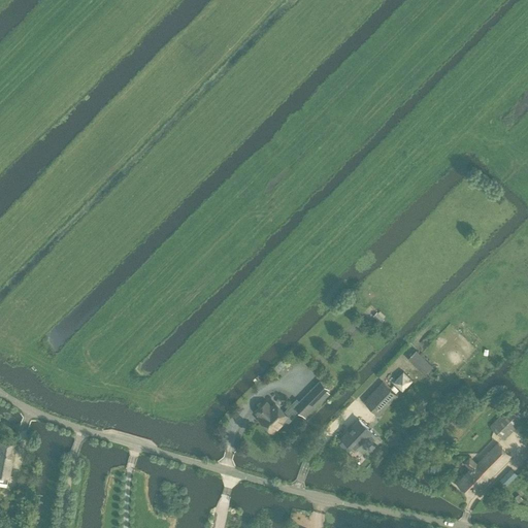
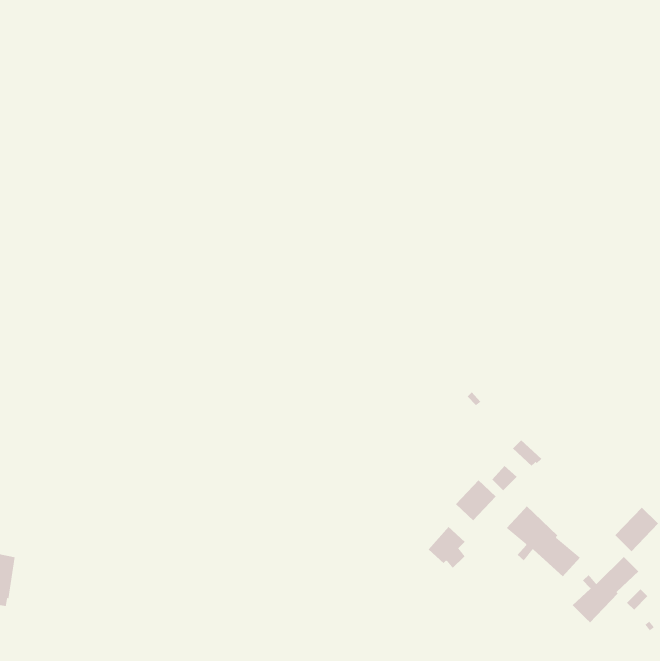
building: [257,381,328,432] -> none
building: none -> [506,506,581,577]

